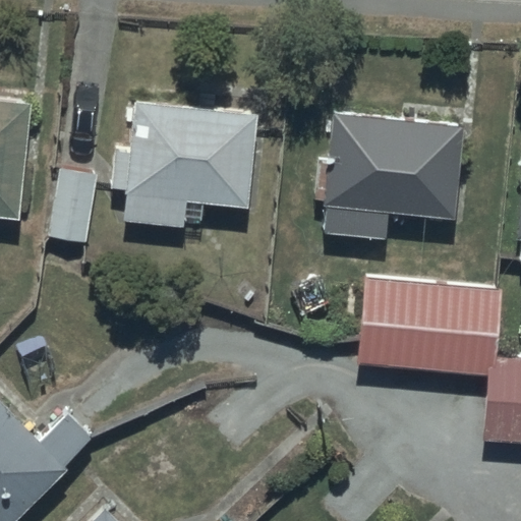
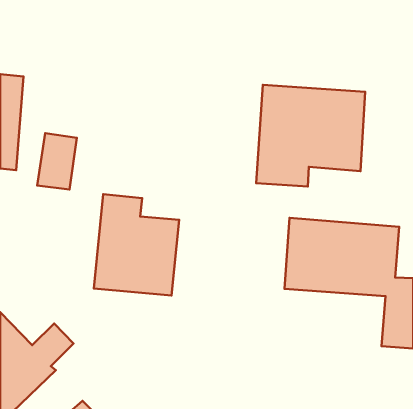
building: [108,101,257,226] -> none
building: none -> [94,194,179,296]

